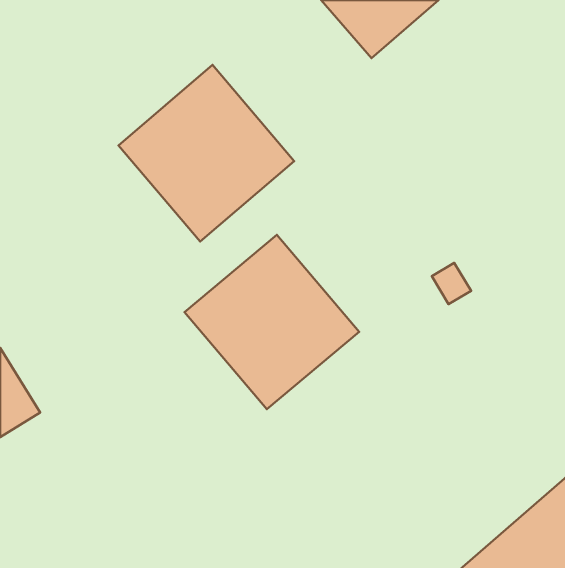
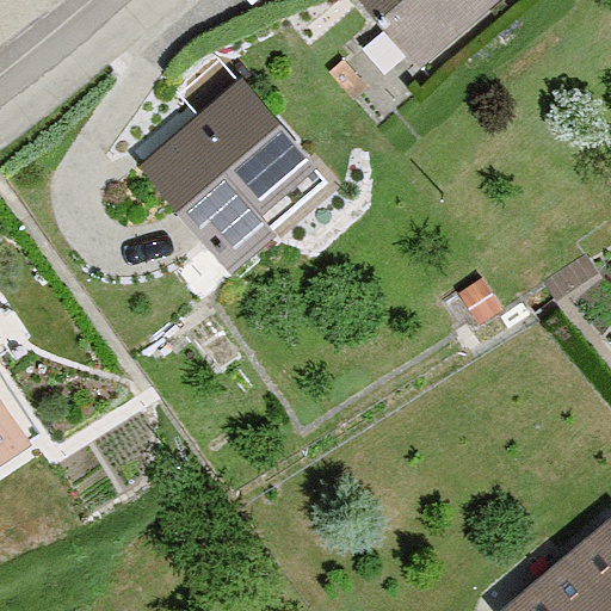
building: [185,235,359,409] -> none

